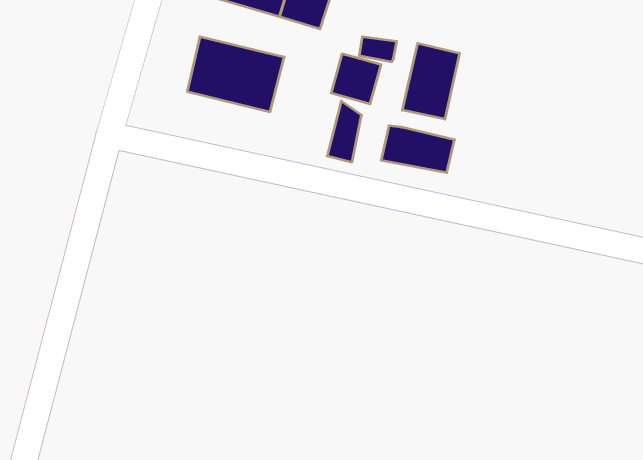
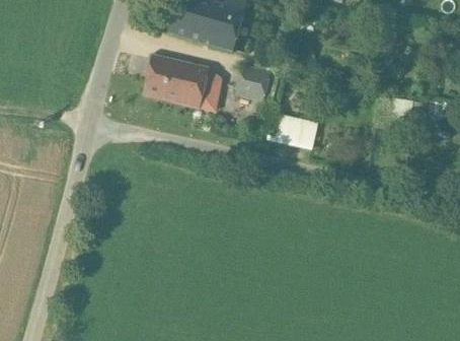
building: [402,43,460,119] -> none
building: [327,101,362,162] -> [199,71,221,111]

